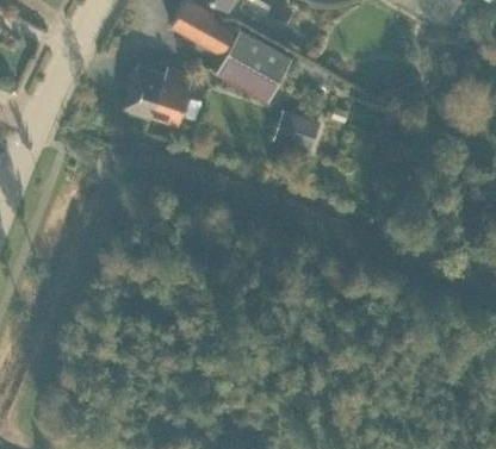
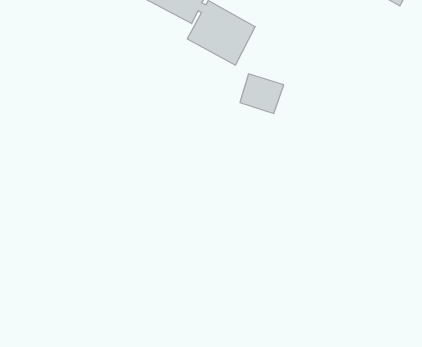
building: [123,68,192,126] -> none

